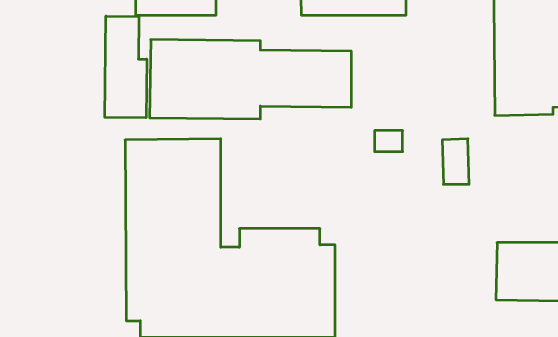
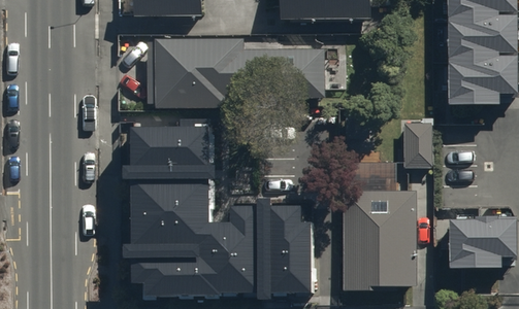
building: [105,16,147,118] -> none
building: none -> [342,191,415,285]

